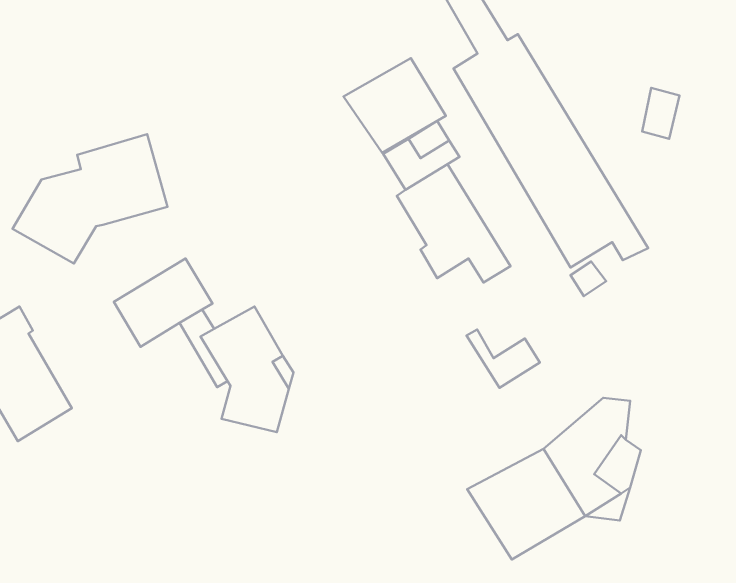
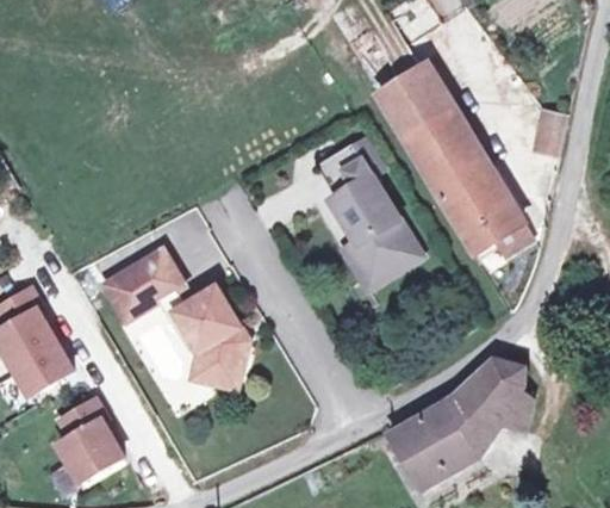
building: [344,58,446,153] -> none
building: [13,134,168,264] -> none
building: [467,330,540,388] -> [342,241,400,287]
building: none -> [58,396,124,479]

